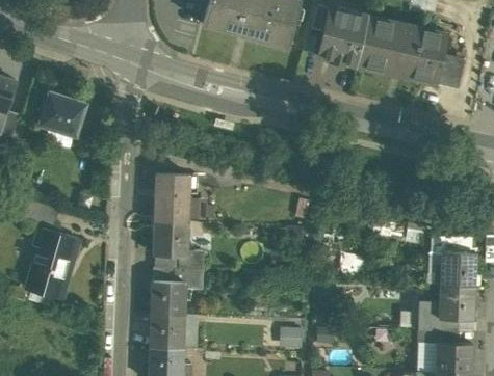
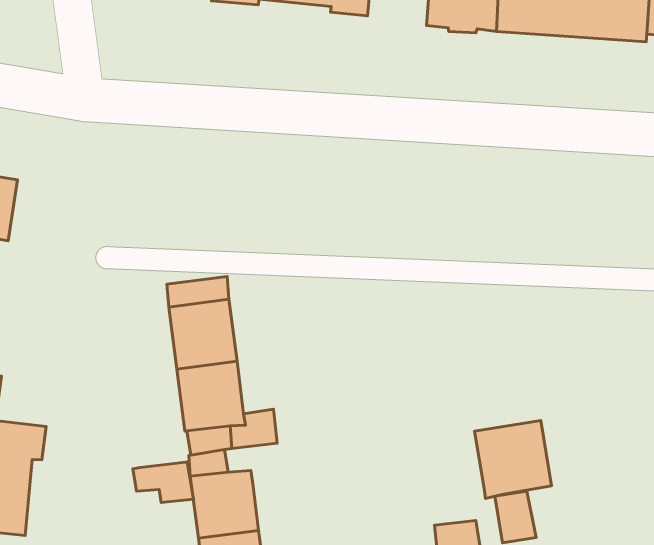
building: [174,268,204,290] -> [133,462,193,503]
building: none -> [475,421,551,499]

